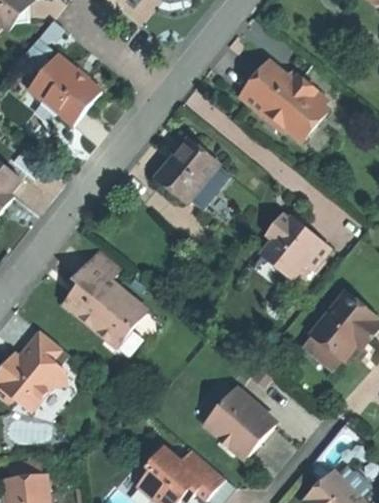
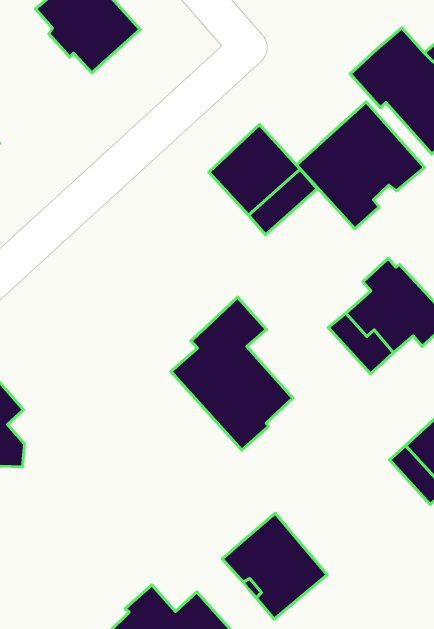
building: none -> [297,102,425,229]
building: [63,249,145,348] -> [171,297,293,450]

